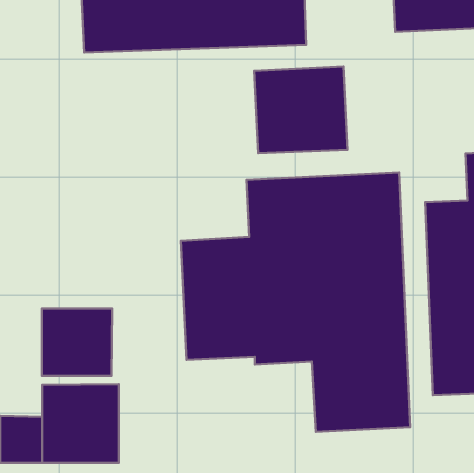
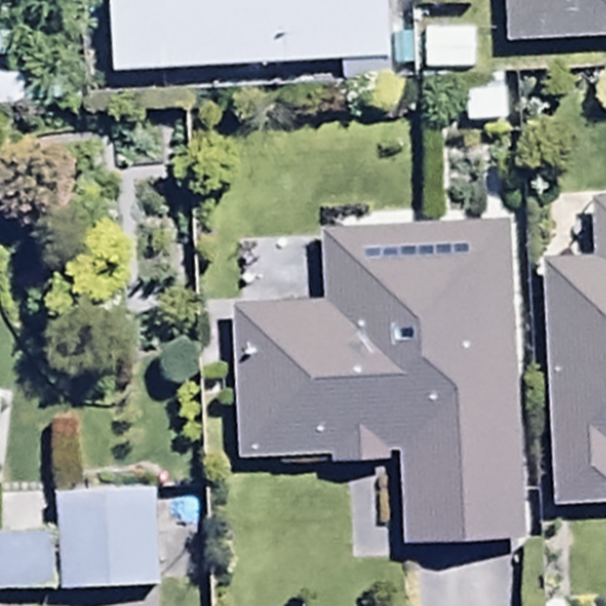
building: [254,67,347,153] -> none
building: [42,309,112,376] -> none

